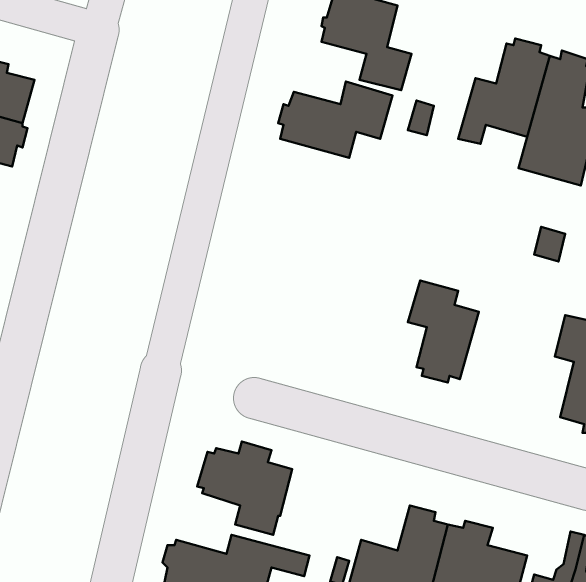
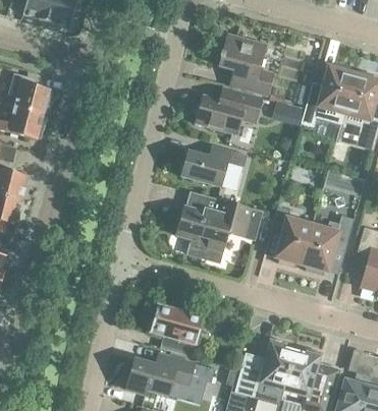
building: none -> [179,146,247,186]
building: none -> [176,197,261,261]
building: none -> [301,215,354,274]

